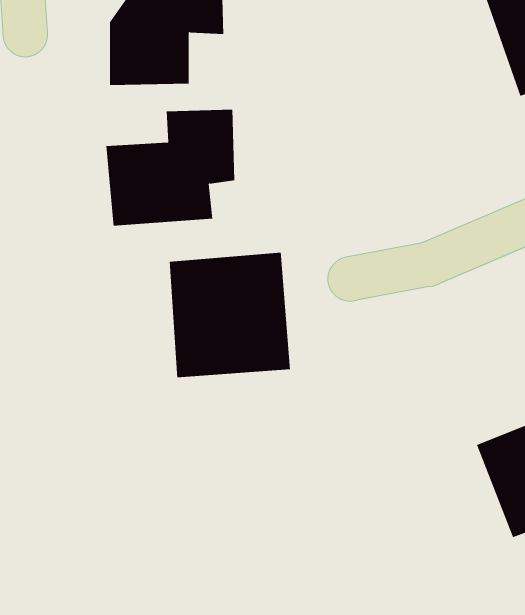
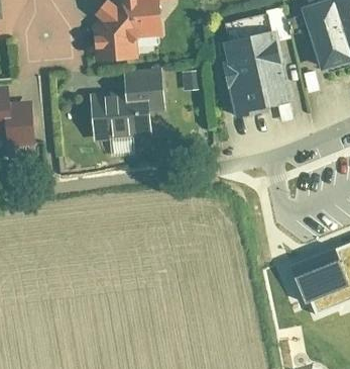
building: none -> [220,32,295,114]
building: [169,252,291,378] -> none

